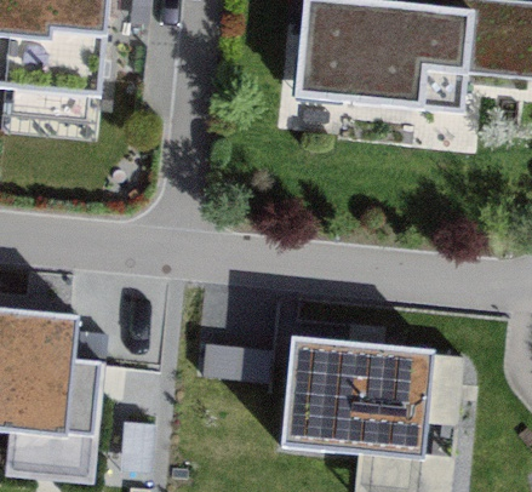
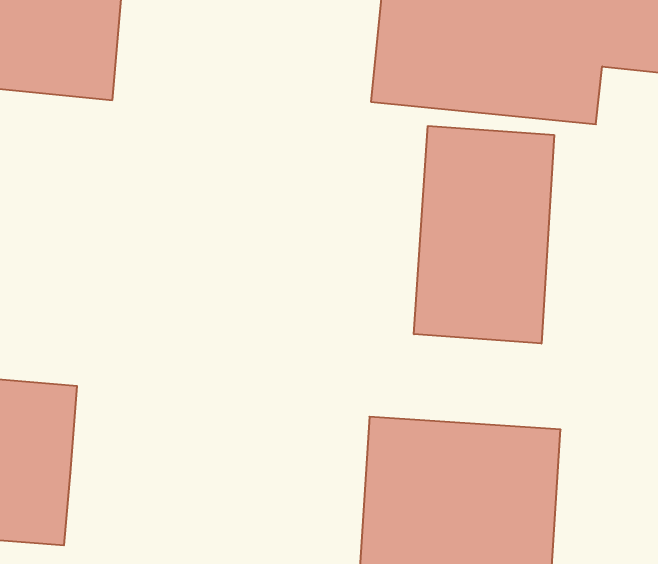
building: none -> [414,126,554,344]

